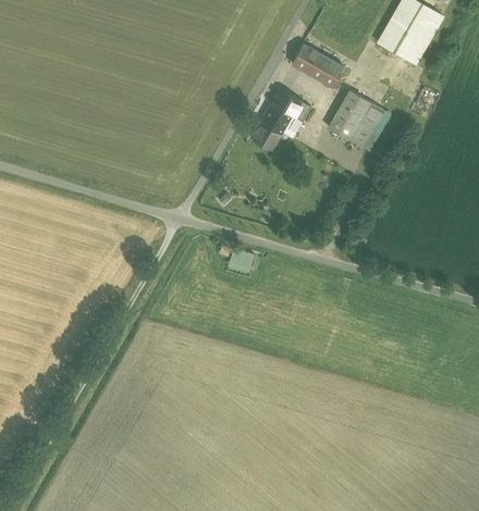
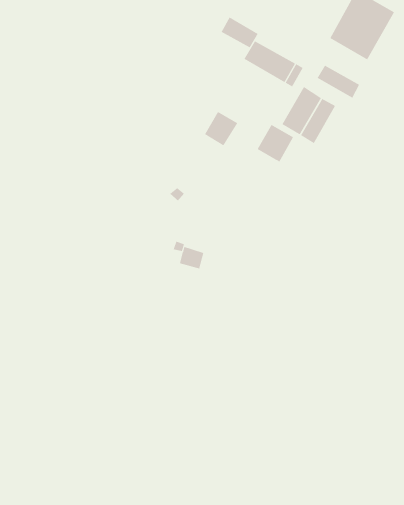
building: none -> [221,17,259,48]
building: none -> [317,65,360,98]
building: [266,90,303,128] -> [257,124,294,162]

